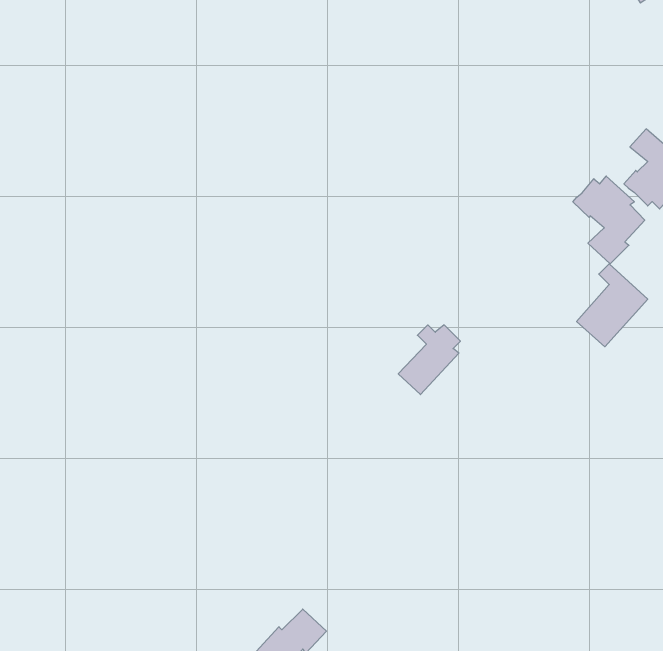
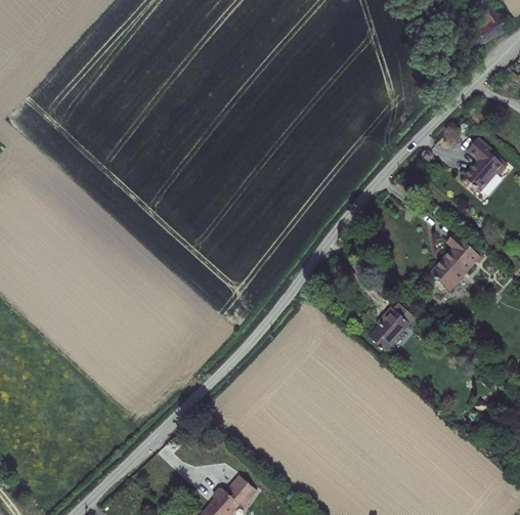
building: [573,176,645,264] -> none
building: [398,325,460,395] -> [370,304,413,352]

